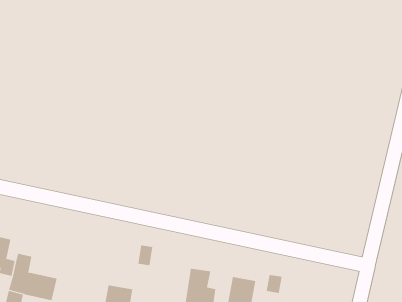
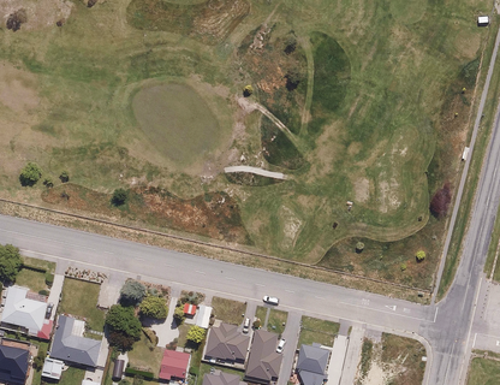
building: none -> [207,321,249,362]

